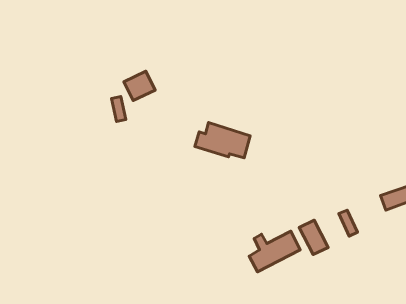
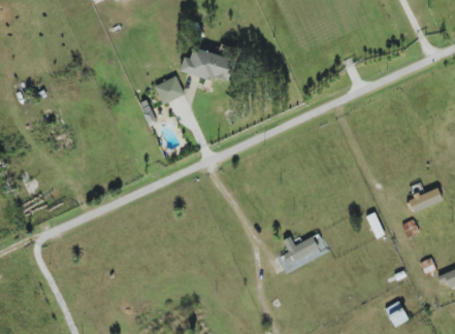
building: [195,122,250,158] -> [180,46,234,81]
building: [299,220,328,255] -> none

